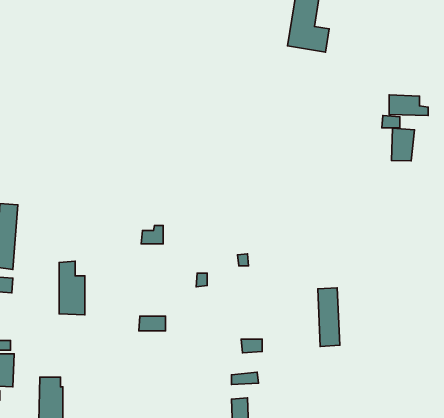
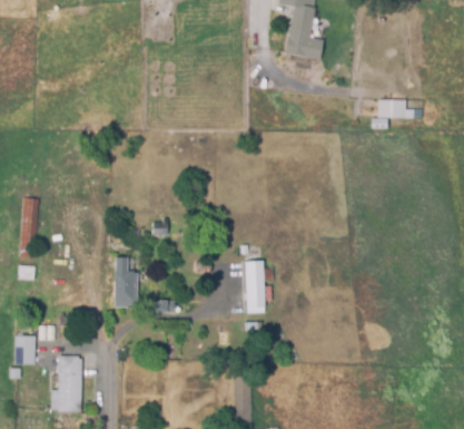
building: [391,128,414,161] -> none
building: [59,261,85,315] -> [113,256,137,305]
building: [318,288,340,346] -> [244,259,264,312]

